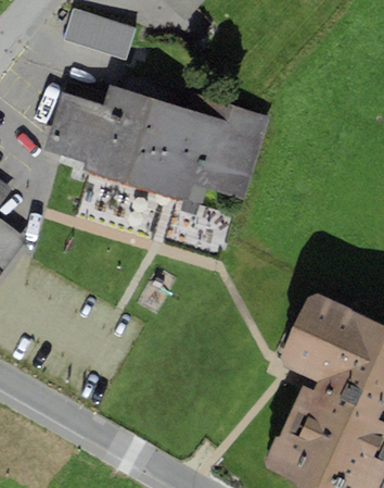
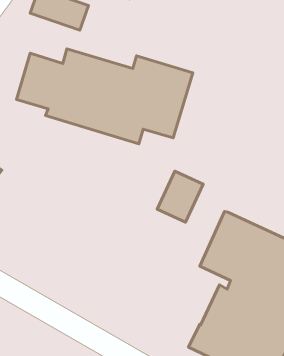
building: none -> [157,171,203,222]

